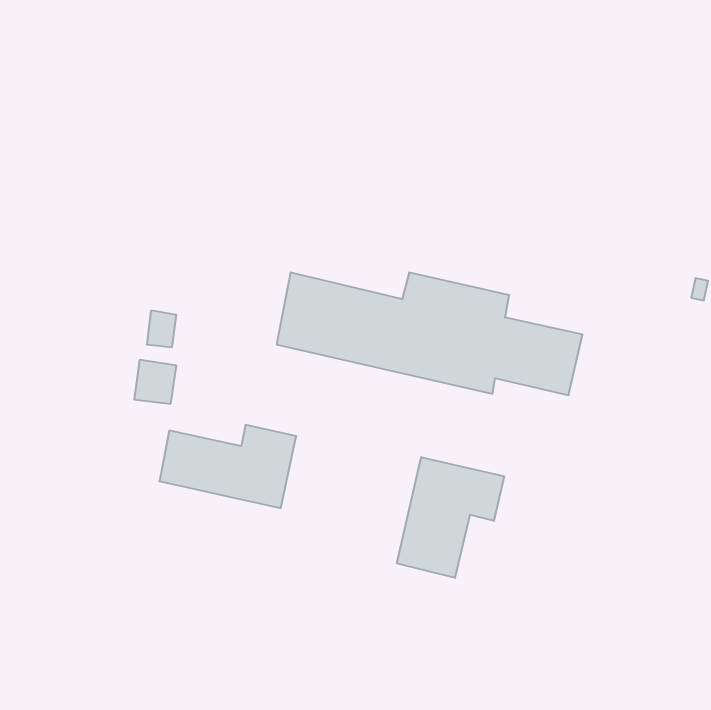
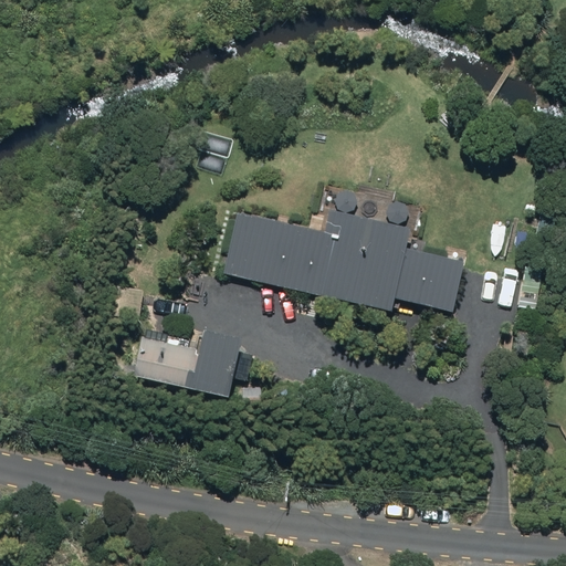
building: [397,457,504,578] -> none

